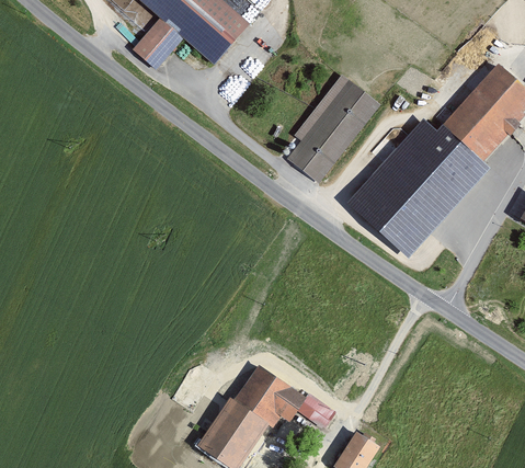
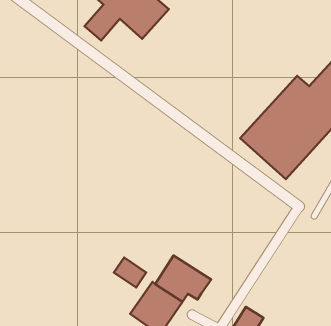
building: [289,76,378,181] -> none
building: none -> [114,258,146,288]
building: [295,393,338,432] -> none

